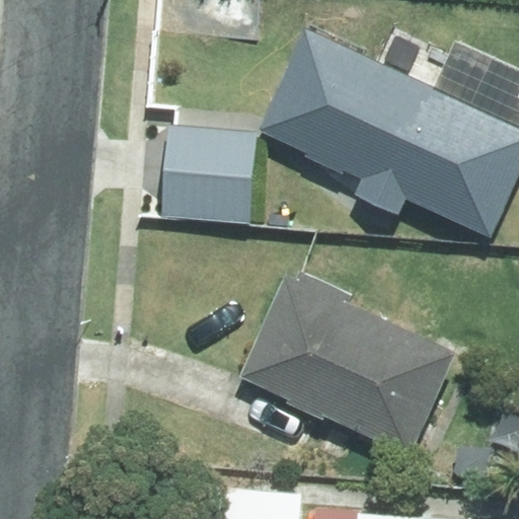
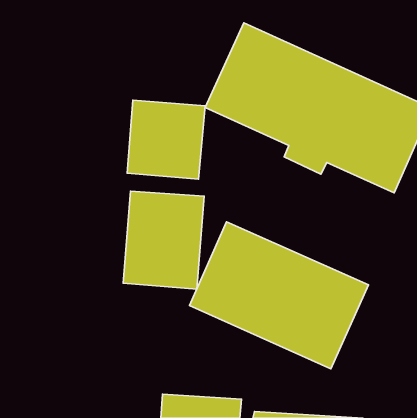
building: none -> [123,191,204,289]

